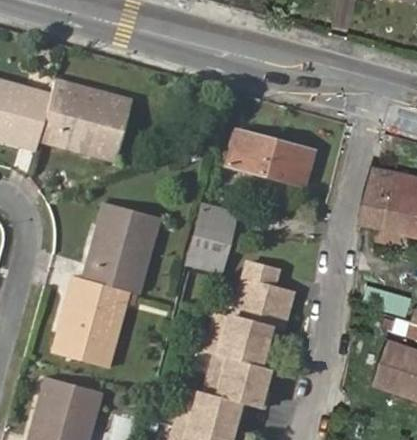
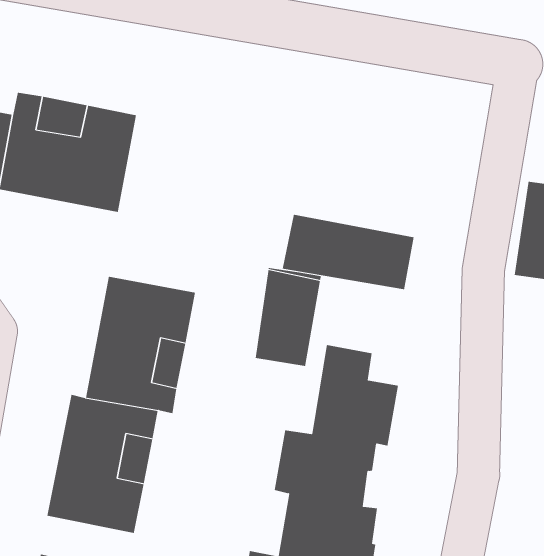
building: [228,130,314,184] -> [282,214,415,290]

